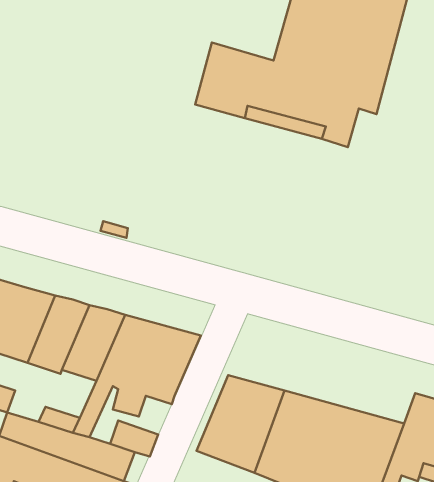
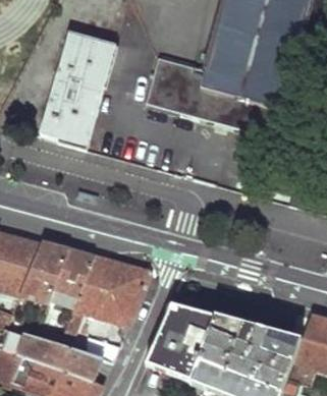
building: none -> [42,33,116,149]

